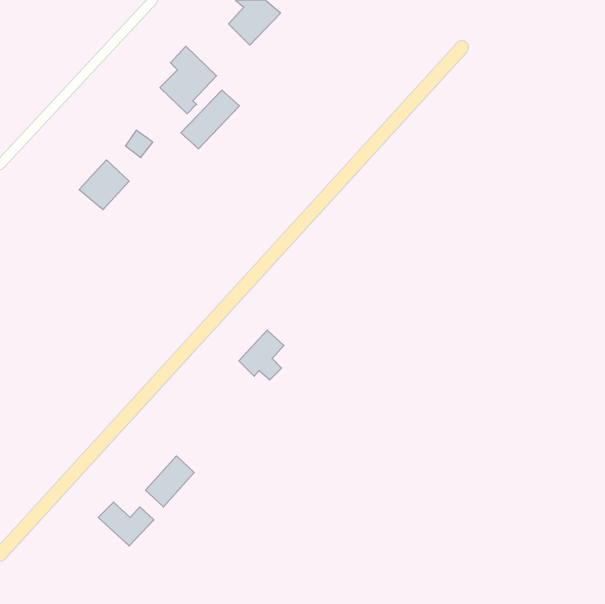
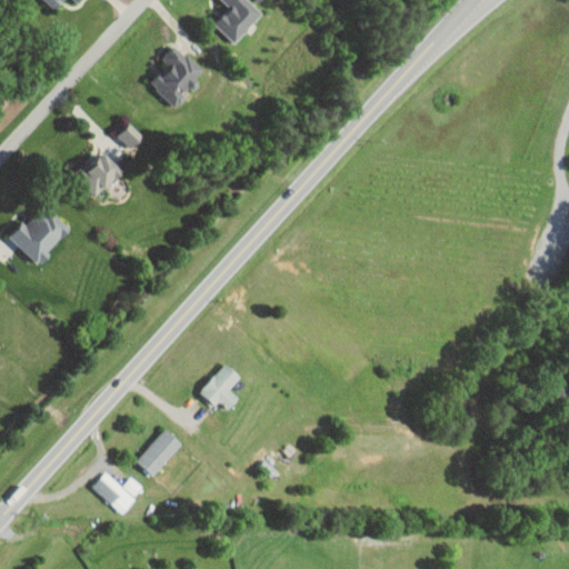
building: [181,90,239,149] -> none
building: none -> [9,208,71,266]
building: [239,330,284,380] -> [199,363,241,410]

